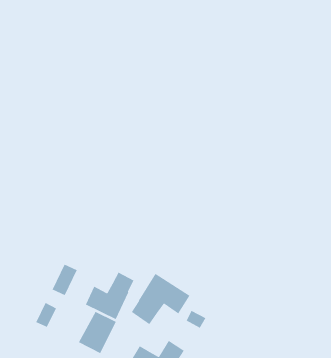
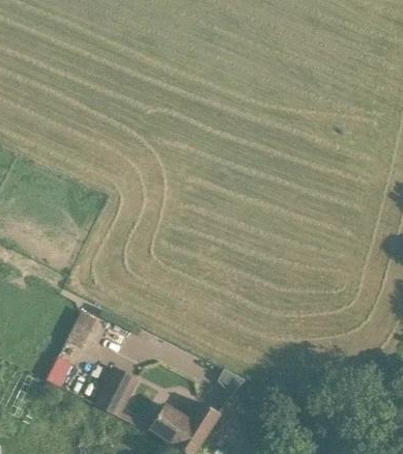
building: [85,271,135,320] -> none
building: [131,273,190,325] -> none

